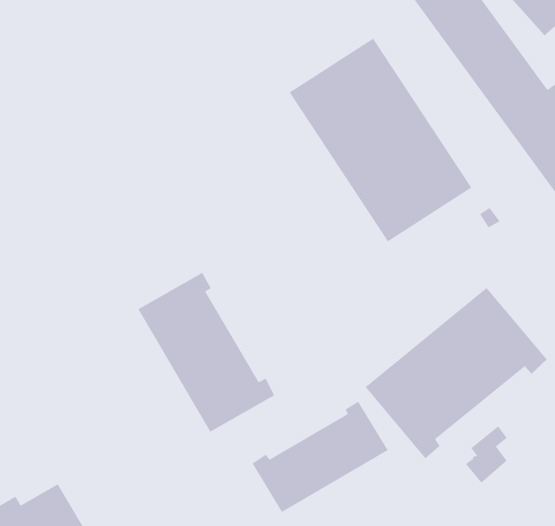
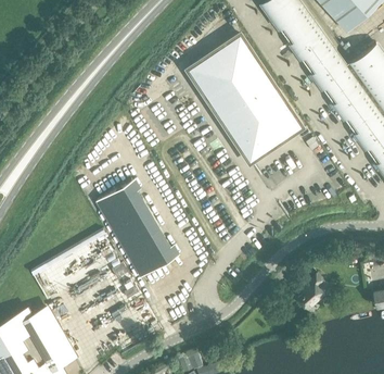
building: [365,287,547,459] -> none
building: [252,401,388,513] -> none

